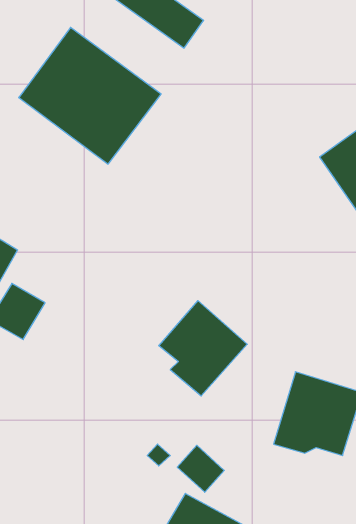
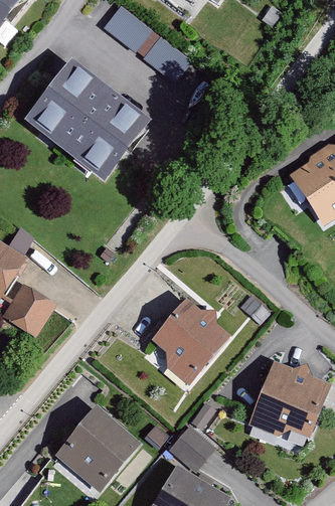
building: none -> [56,408,138,490]

